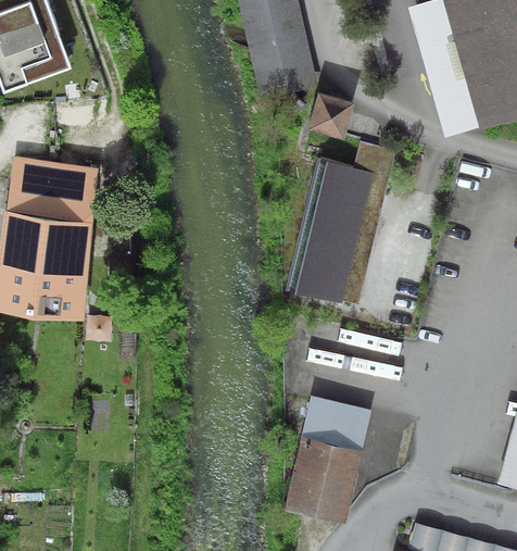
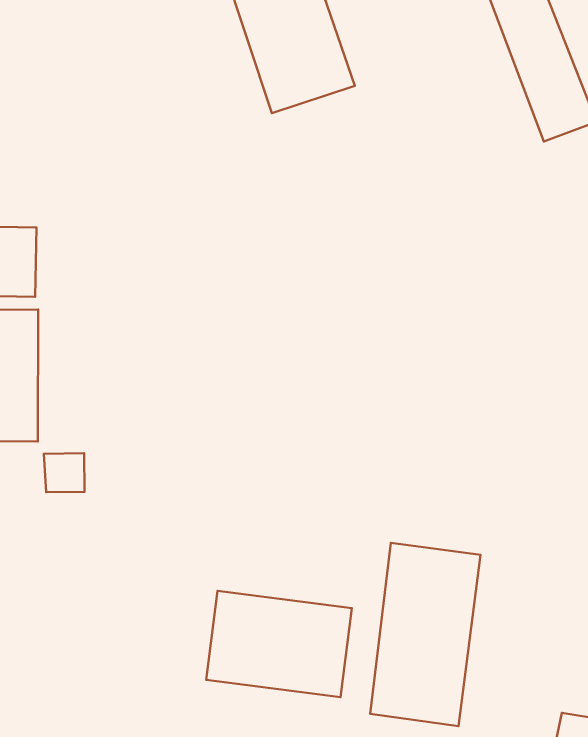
building: [308,92,355,140] -> none
building: [286,139,398,308] -> none
building: none -> [206,591,352,697]

